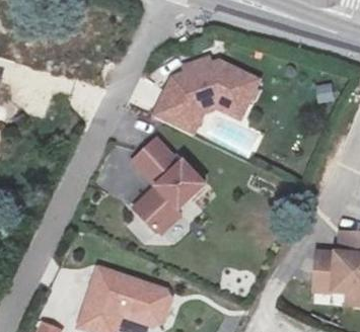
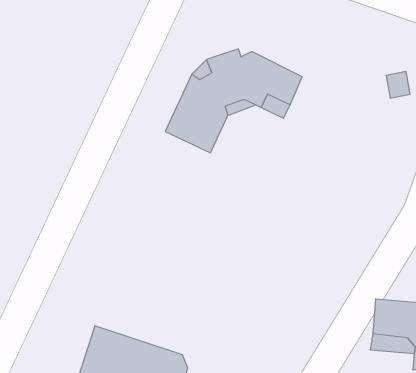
building: [136,137,208,230] -> none

